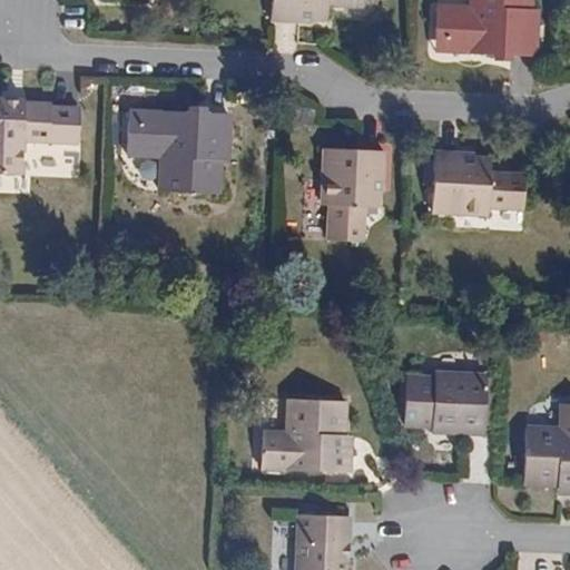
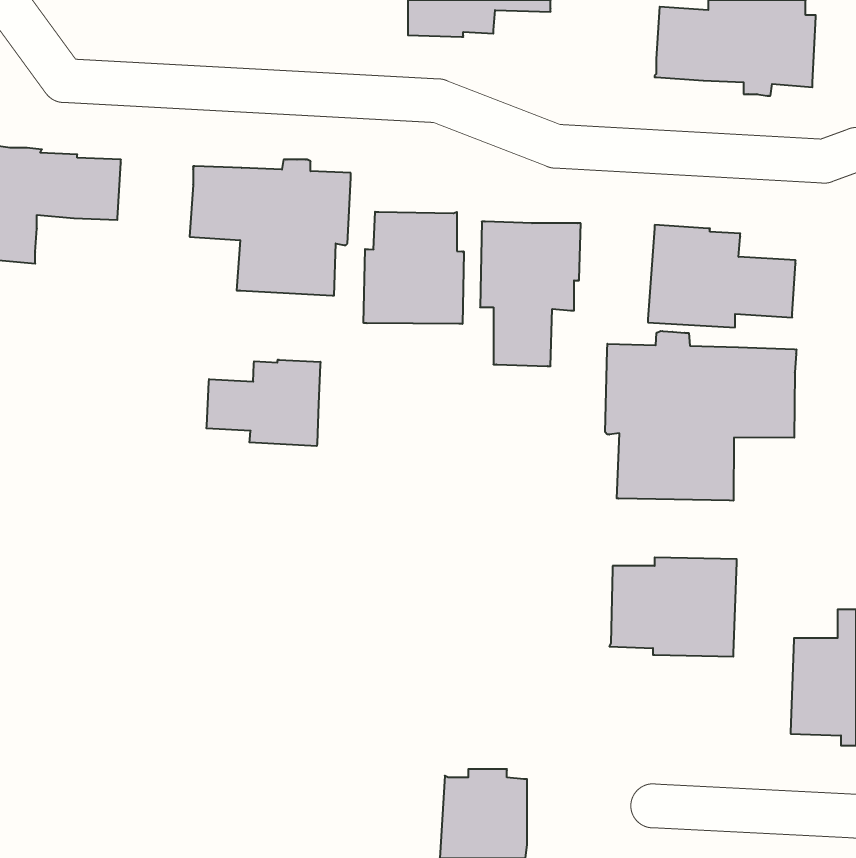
building: none -> [364,212,464,324]
building: none -> [605,331,796,501]
building: none -> [206,360,320,446]
building: [261,401,353,476] -> none

